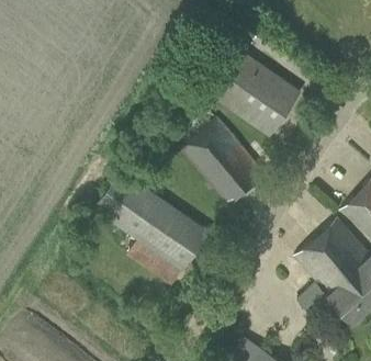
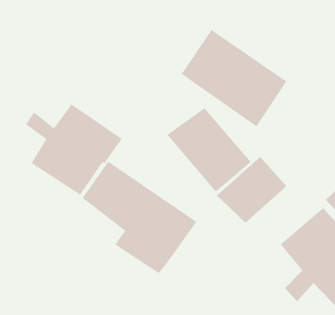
building: none -> [25,104,123,196]
building: none -> [216,156,287,223]

